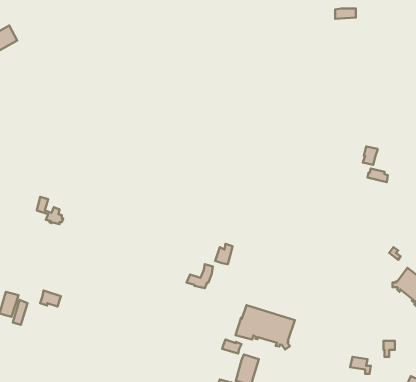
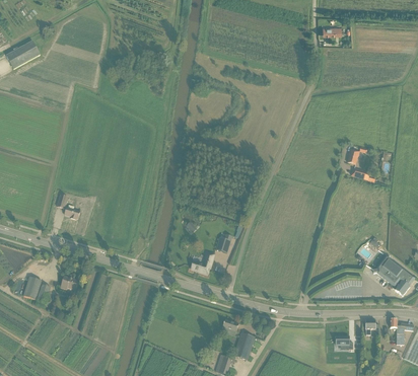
building: [236,305,295,350] -> none

